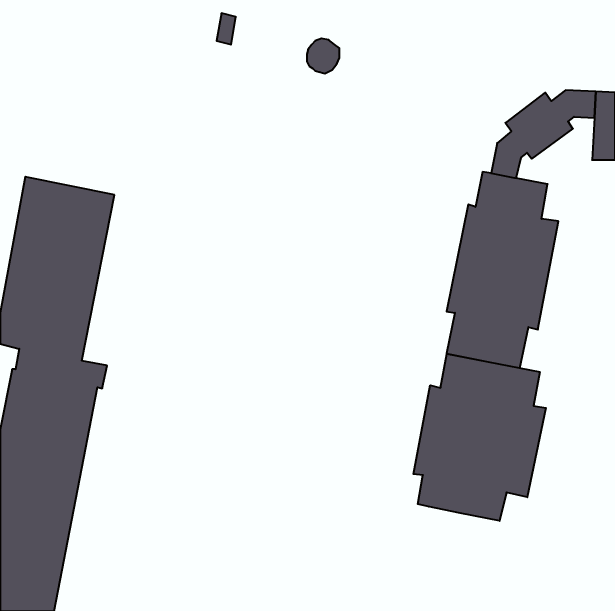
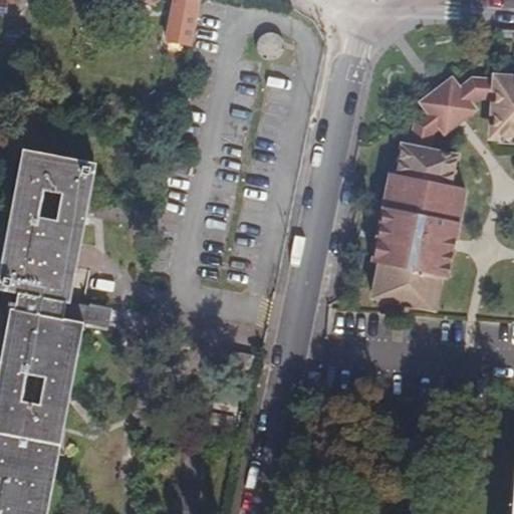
building: [413,354,546,521] -> none

